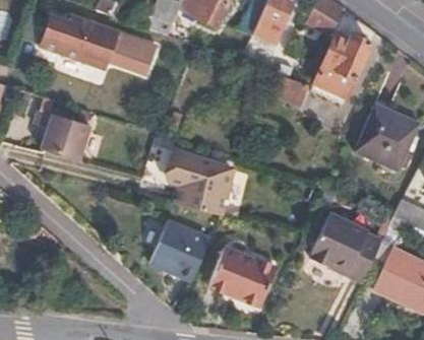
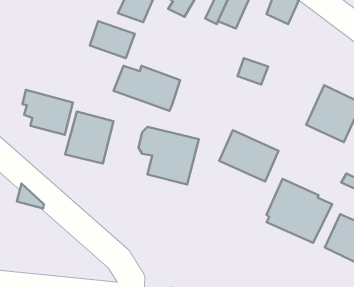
building: [43,17,118,68] -> [114,66,180,111]
building: [316,36,370,97] -> none
building: none -> [65,111,114,164]
building: [148,218,210,279] -> none
building: [209,248,277,305] -> [219,130,279,182]

